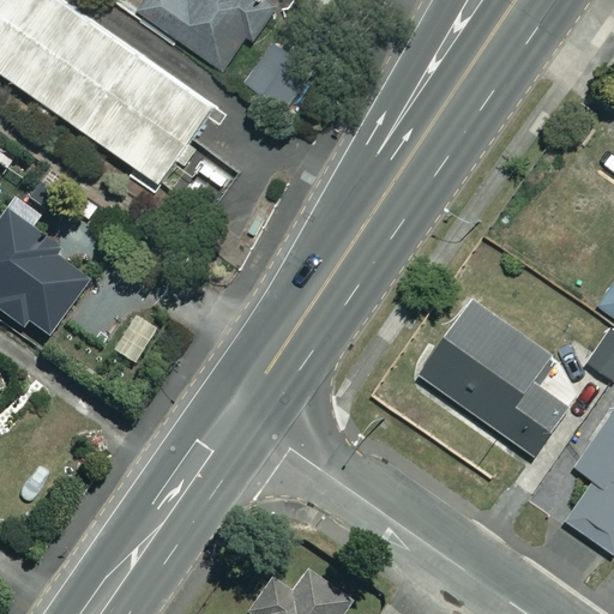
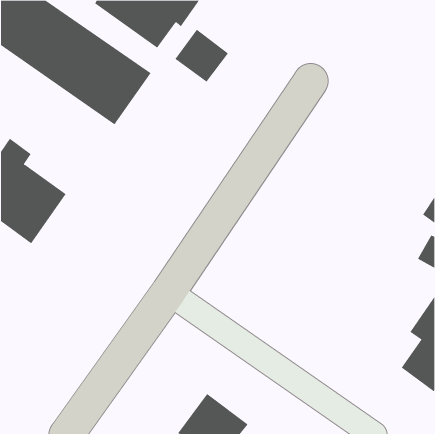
building: [419,301,566,455] -> none

